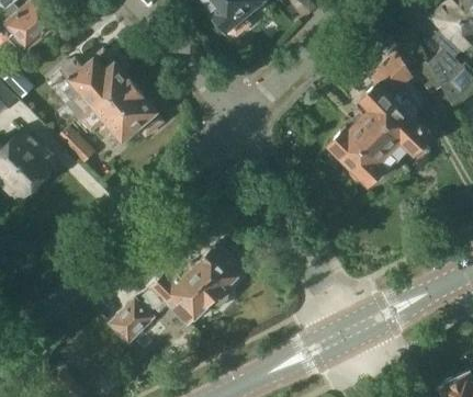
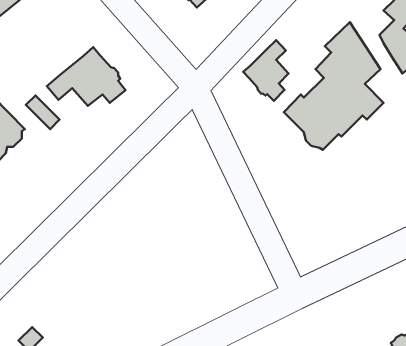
building: [64,49,128,117] -> none
building: none -> [243,40,289,101]
building: [110,242,245,341] -> none

